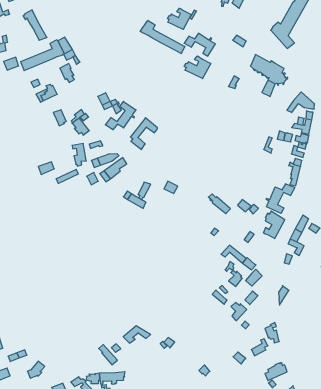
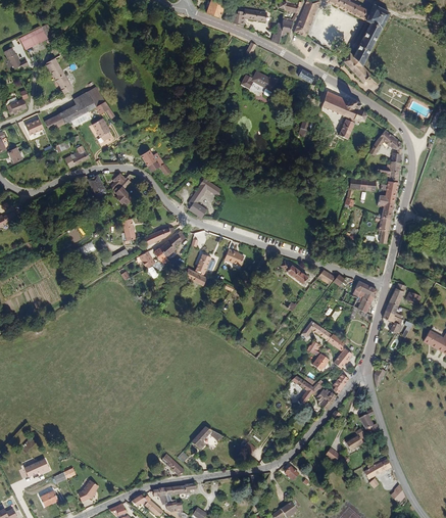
building: [167,8,191,29] -> none
building: [140,20,185,54] -> none
building: [184,56,211,79] -> none
building: [105,101,136,130] -> none
building: [266,184,295,213] -> none

